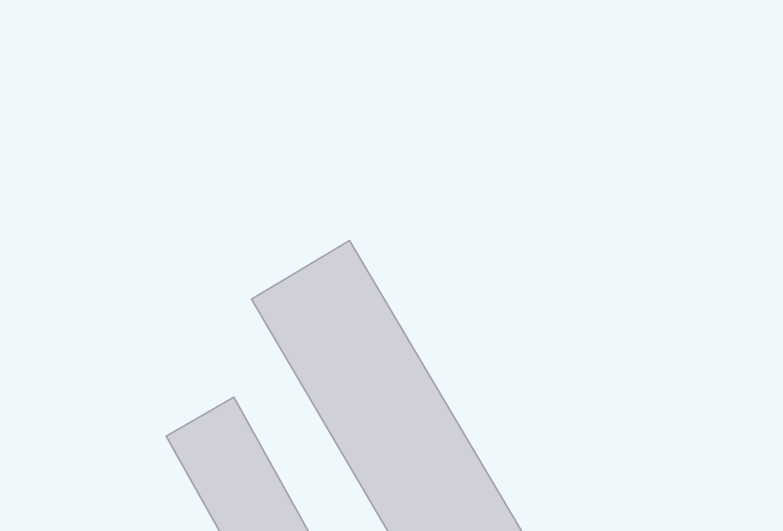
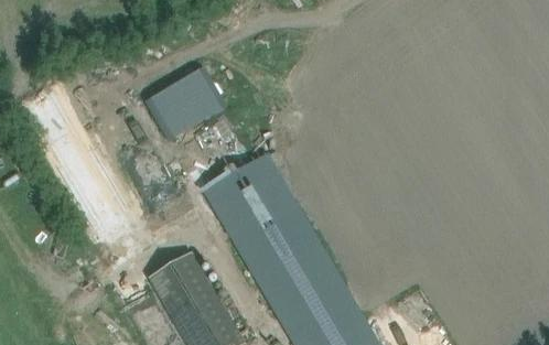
building: none -> [148,69,229,141]

